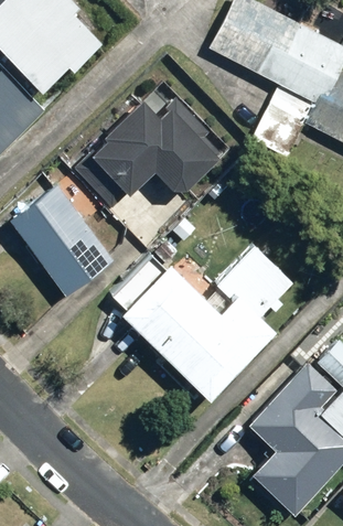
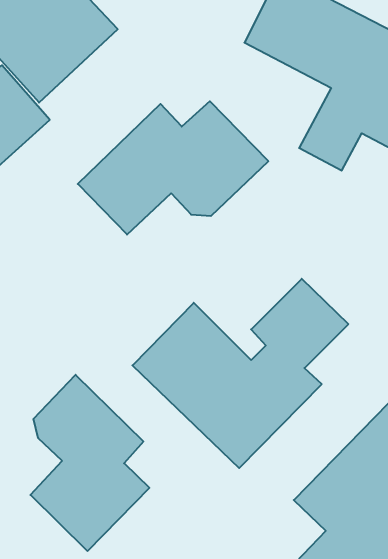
building: [13,182,119,296] -> none
building: none -> [30,375,149,551]

